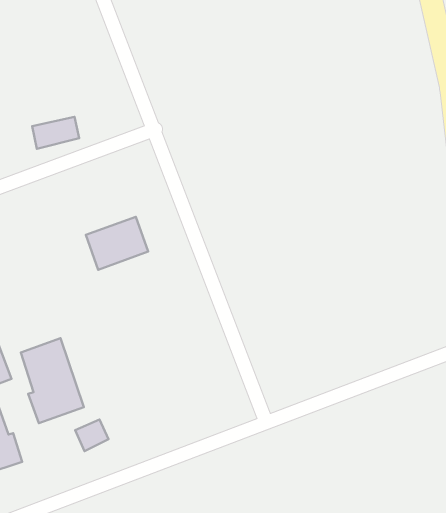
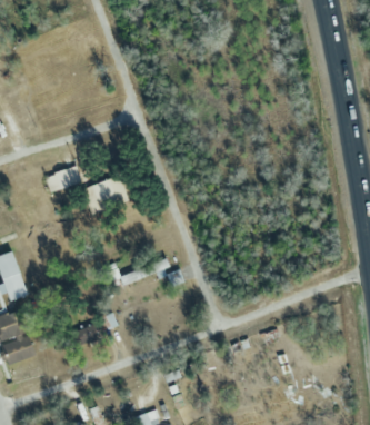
building: [32,117,79,149] -> [46,167,80,190]
building: [21,338,84,423] -> none

